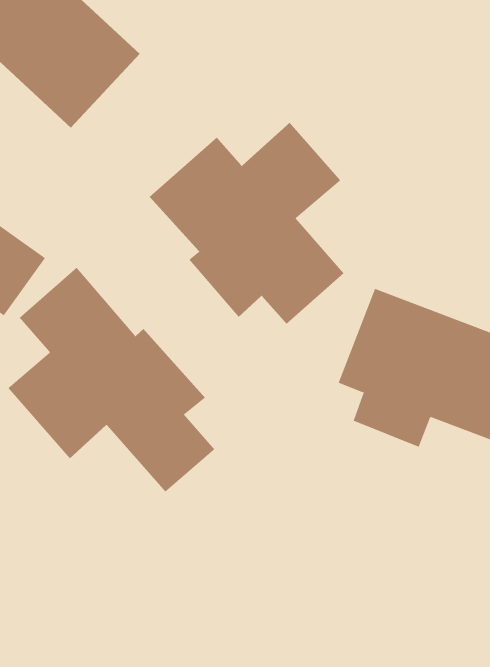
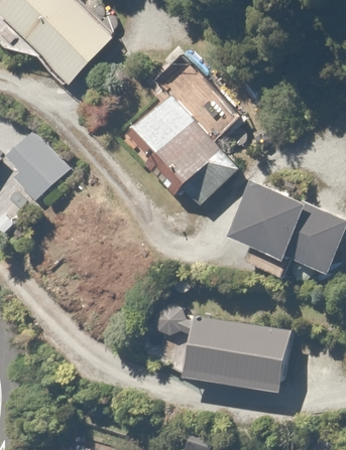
building: [7,267,215,493] -> none
building: none -> [184,314,292,392]

